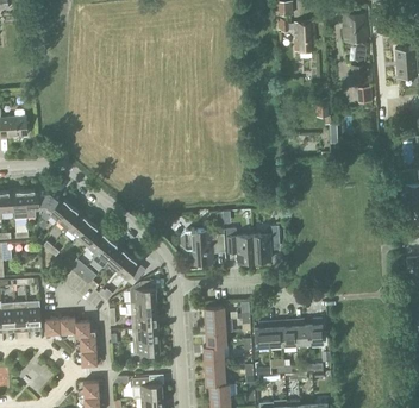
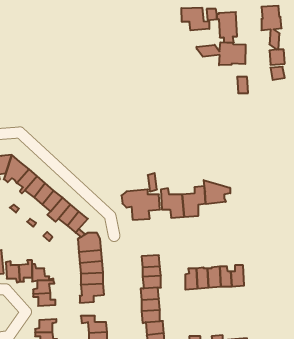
building: none -> [181,8,209,30]
building: none -> [197,42,246,65]
building: none -> [204,180,230,204]

